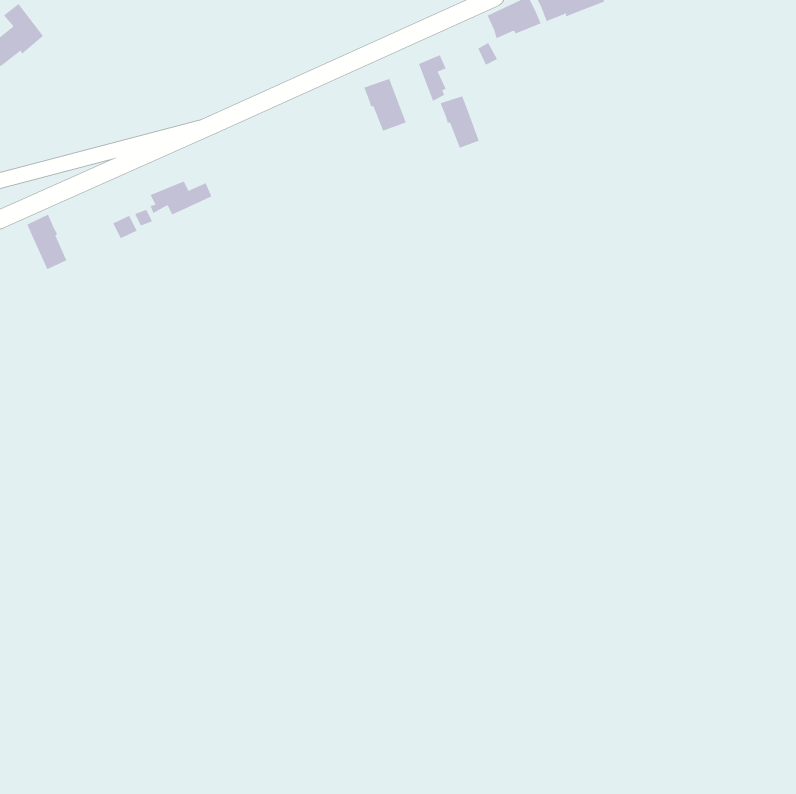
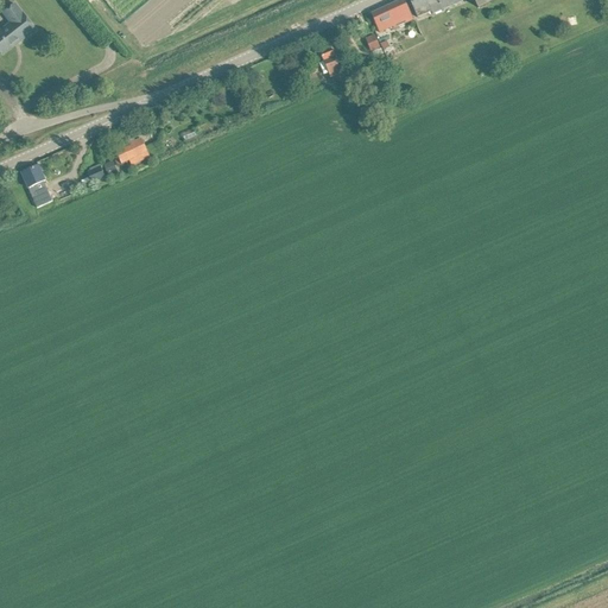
building: [363,78,406,131] -> none
building: [440,95,480,149] -> none

